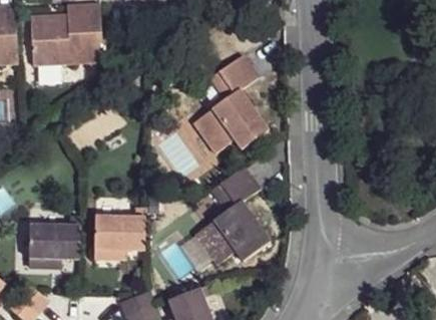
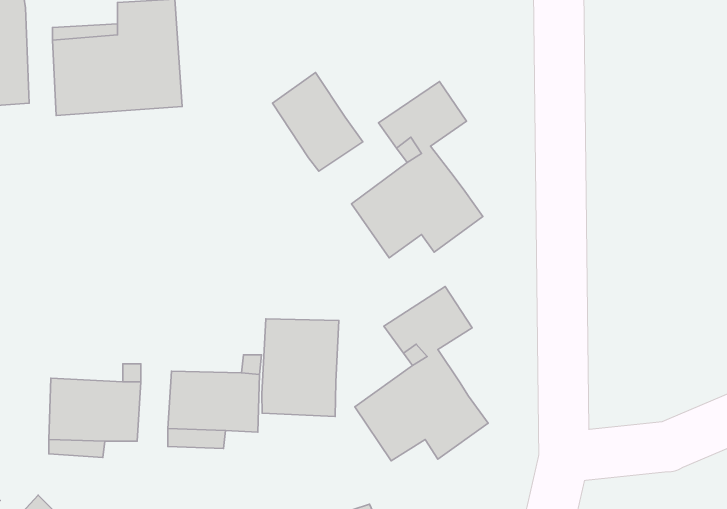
building: none -> [272,73,363,171]
building: none -> [262,319,339,417]

